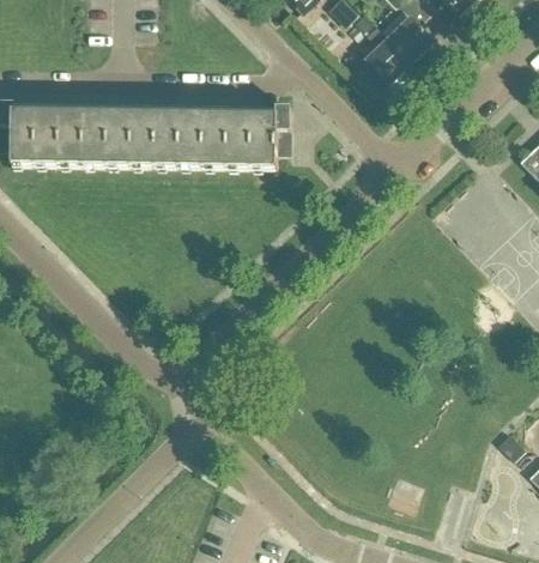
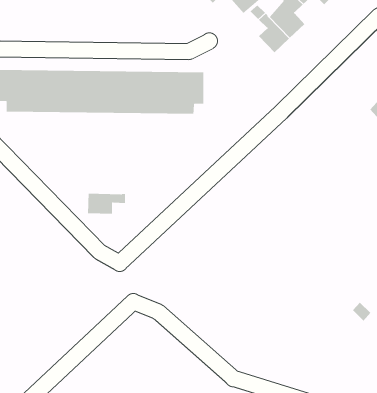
building: none -> [87,193,126,215]

